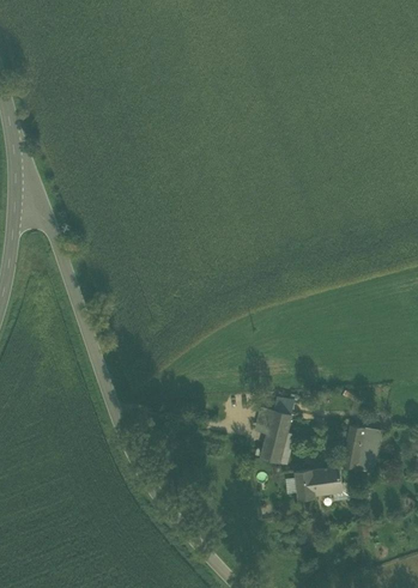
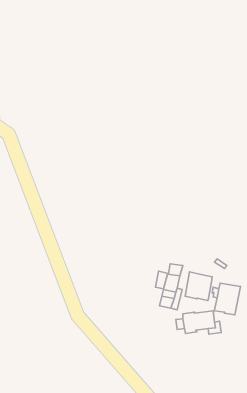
building: none -> [185,272,212,300]

